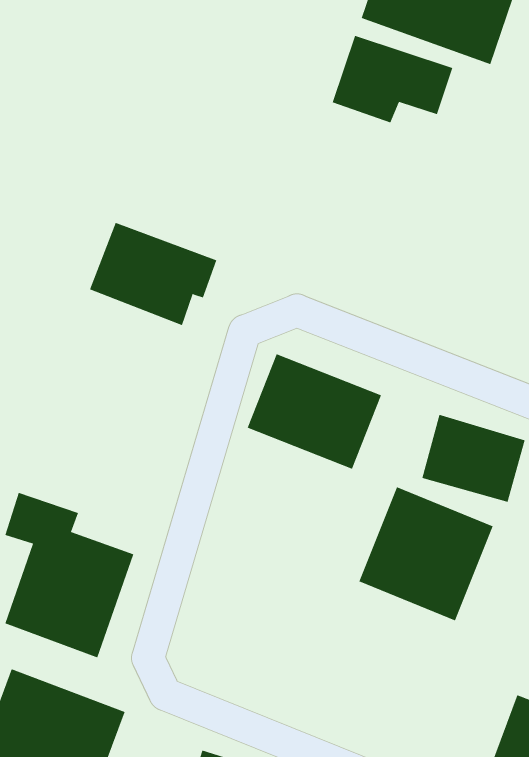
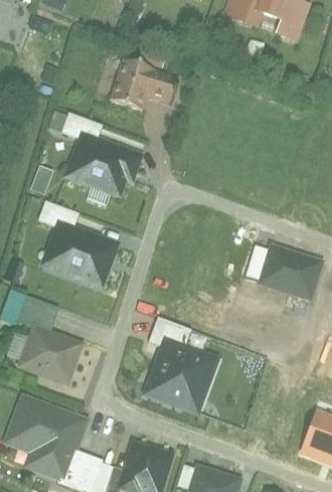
building: [332,35,453,123] -> [108,58,178,110]
building: [247,354,382,470] -> [40,219,119,287]
building: [359,486,494,621] -> [142,335,220,414]

